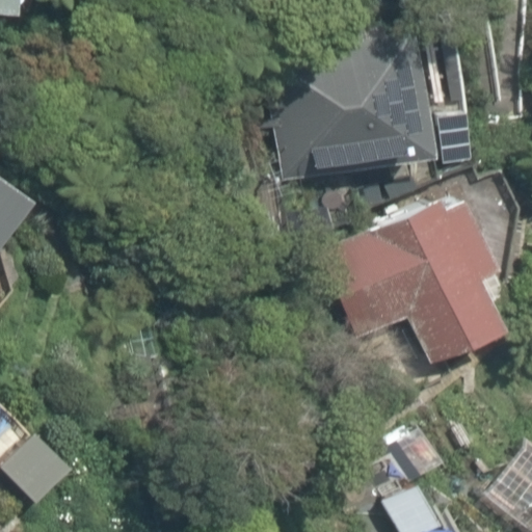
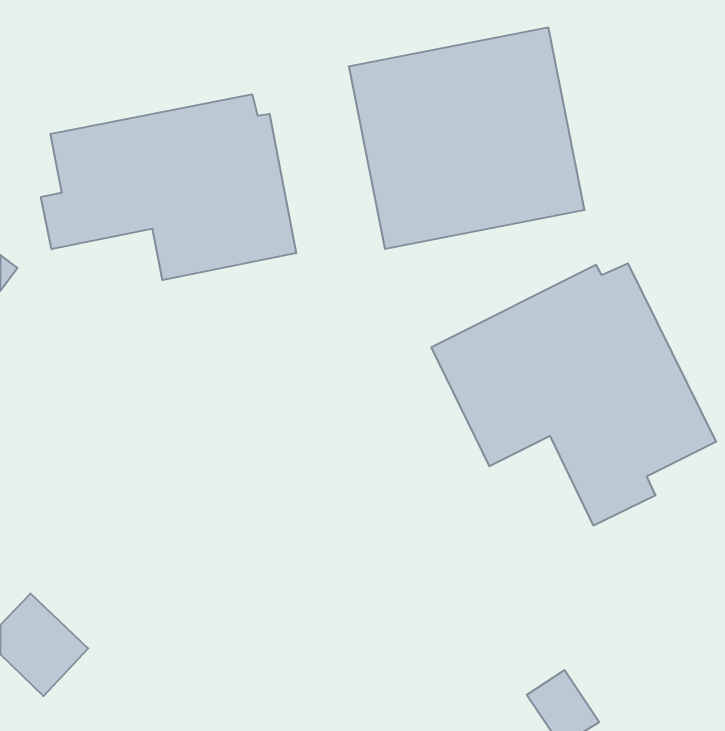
building: none -> [41,94,296,280]

